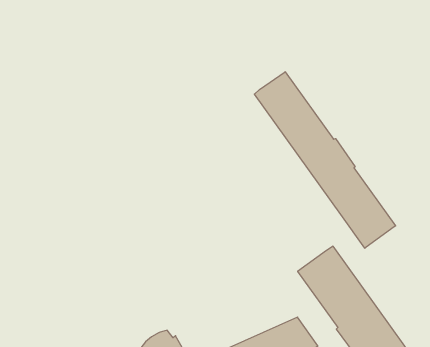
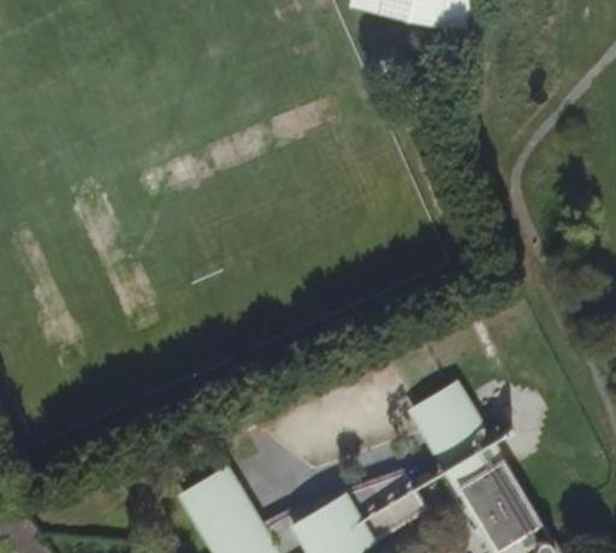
building: [254,72,396,248] -> none

